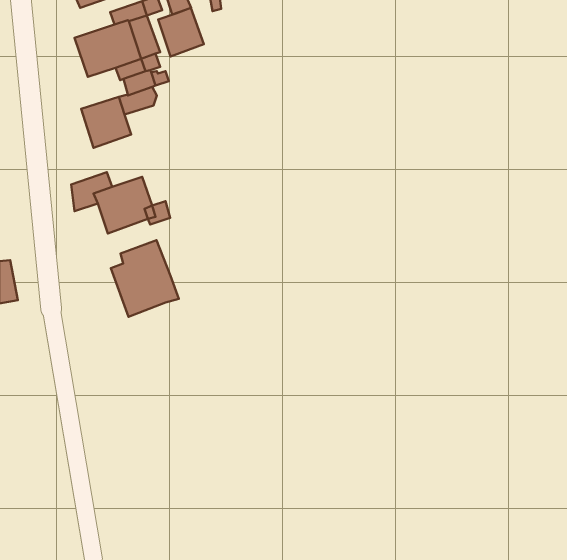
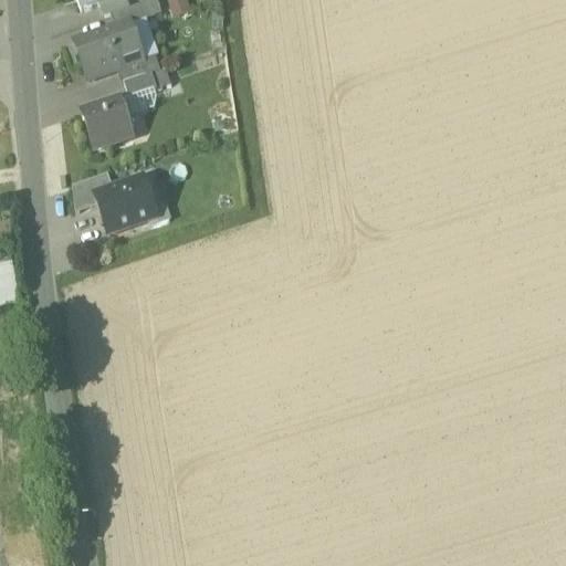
building: [158,8,204,56] -> none
building: [111,240,179,317] -> none

